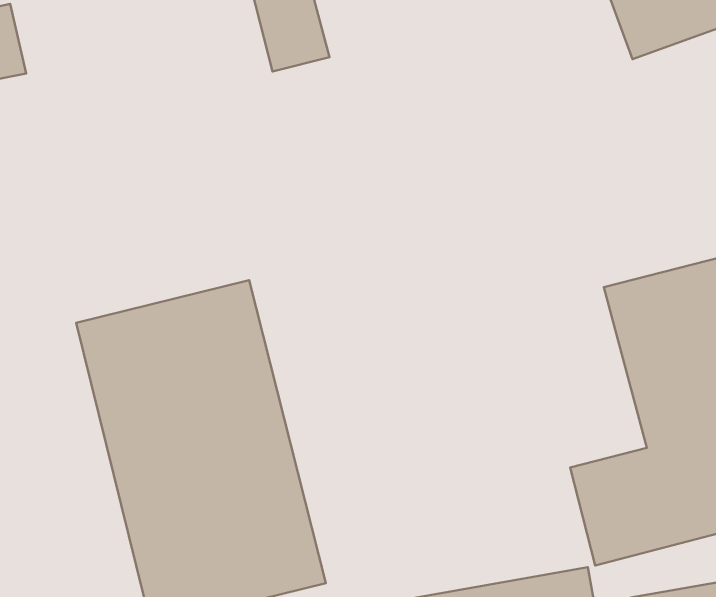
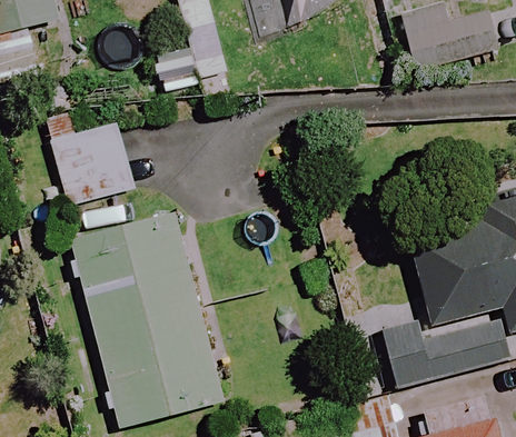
building: none -> [44,113,136,210]

